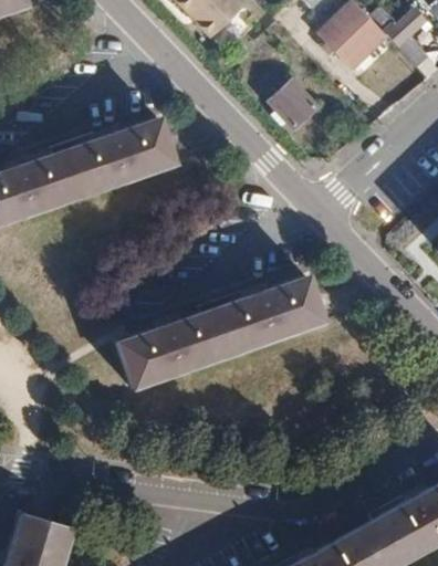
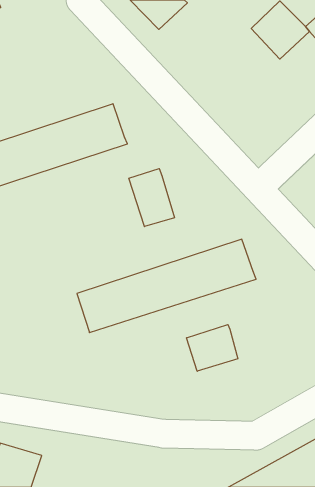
building: [271,84,316,129] -> none
building: none -> [129,169,174,227]
building: none -> [187,325,238,371]

